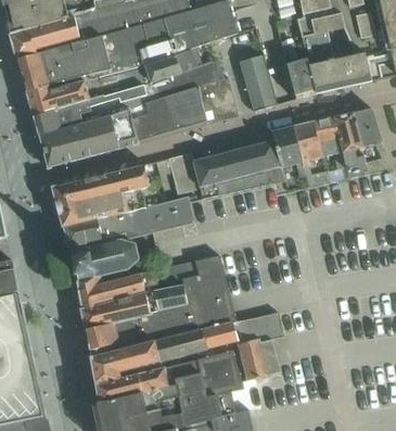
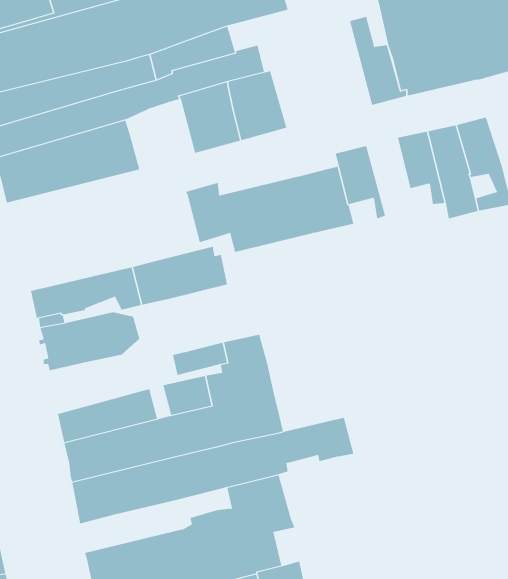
building: [238,55,274,111] -> none
building: [127,96,174,143] -> none
building: [291,122,328,187] -> none
building: [51,163,151,226] -> none
building: [75,269,156,309] -> none
building: [237,338,279,379] -> none
building: [95,359,199,404] -> none

